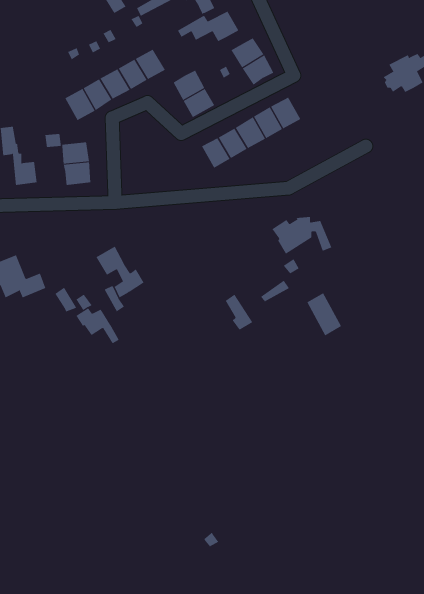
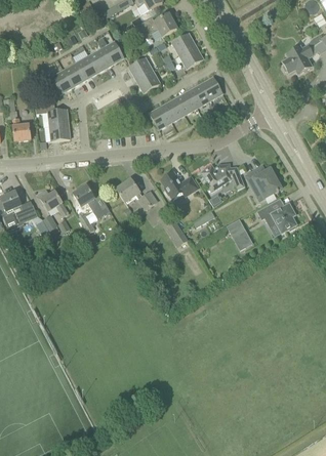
building: none -> [249,166,281,197]
building: none -> [161,171,198,198]
building: none -> [116,178,157,208]
building: none -> [258,202,296,232]
building: [76,308,119,344] -> [37,190,69,216]

